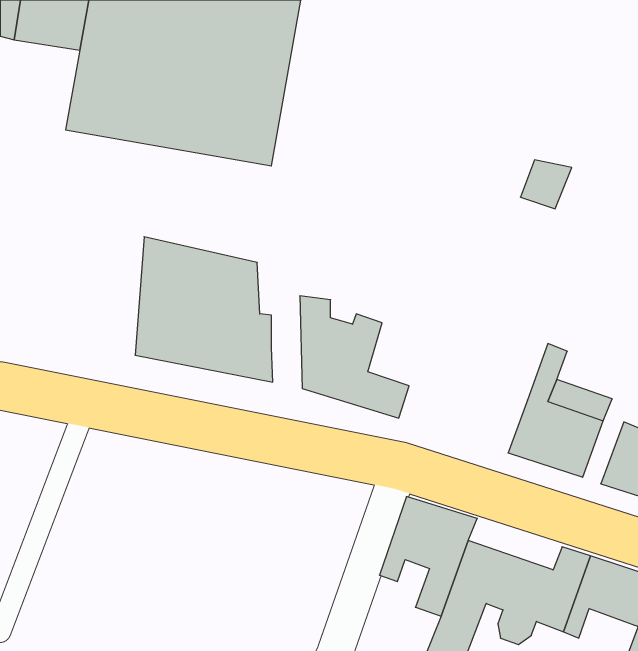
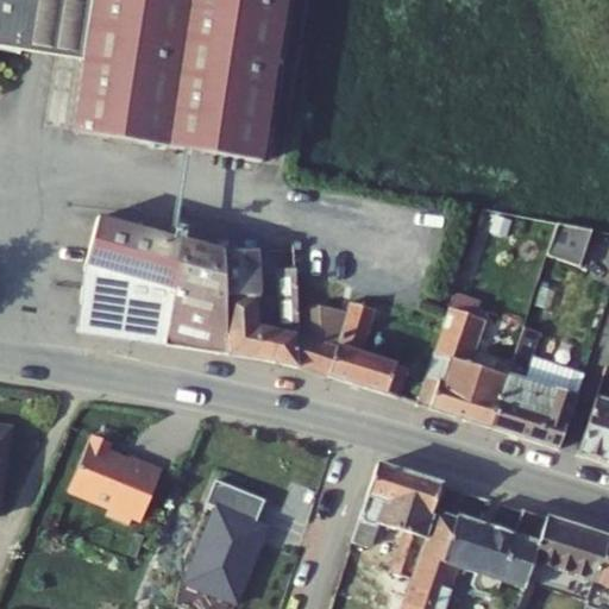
building: [520,160,572,209] -> [552,219,599,264]
building: none -> [76,207,151,334]
building: none -> [269,272,297,365]
building: none -> [415,303,506,425]
building: none -> [69,433,162,523]
building: none -> [184,479,266,603]

